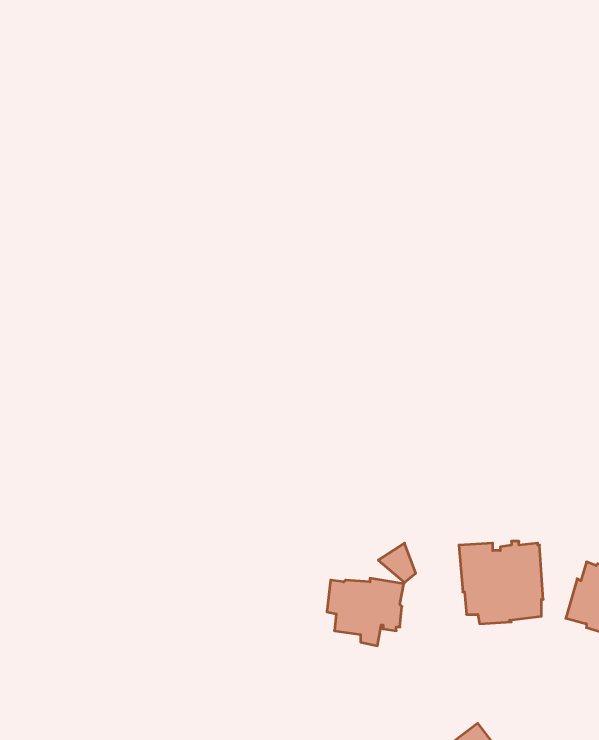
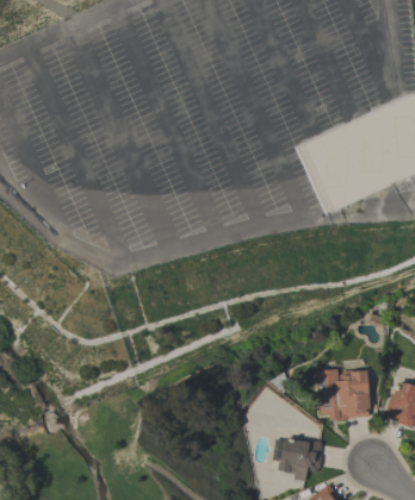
building: [327,578,404,646] -> [273,438,322,481]

